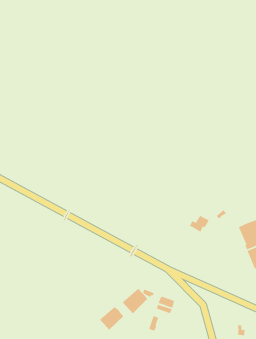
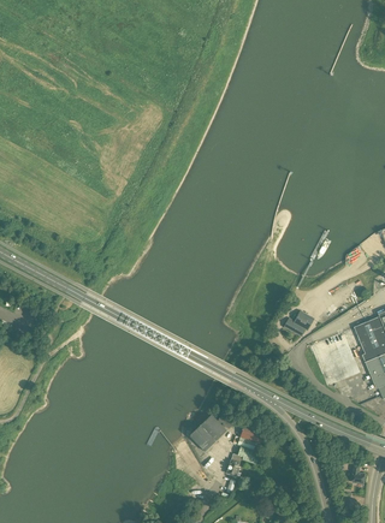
building: [99,306,124,330] -> none

